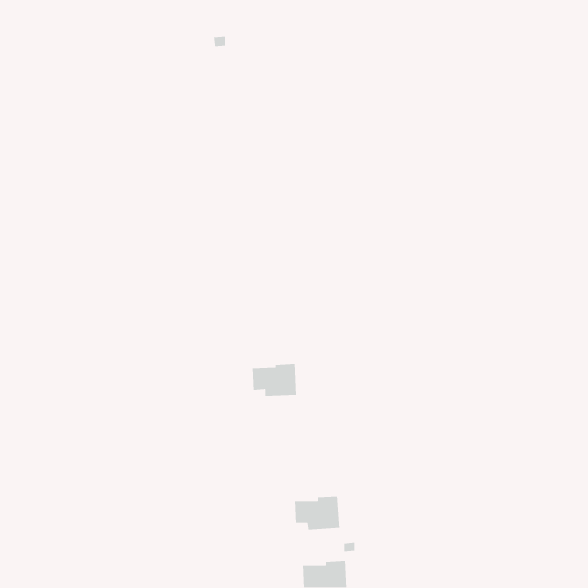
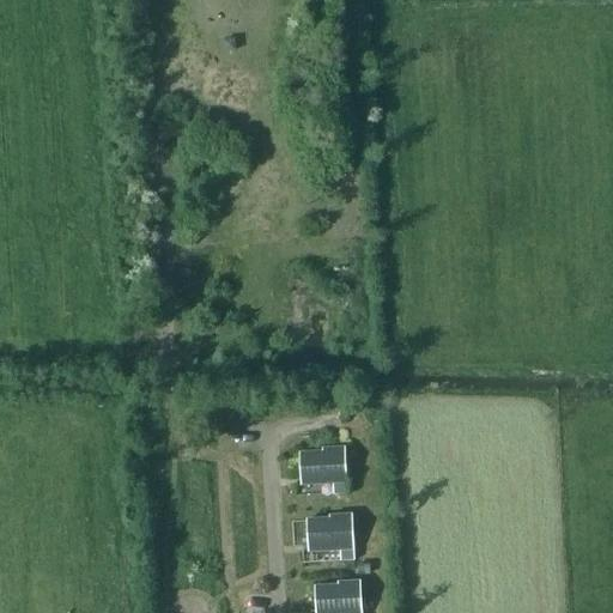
building: [252,363,297,397] -> [299,449,346,484]

